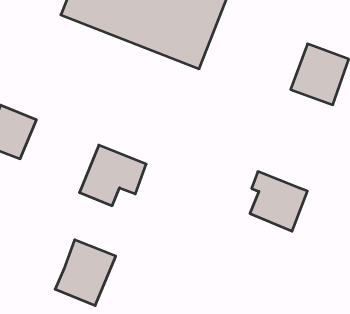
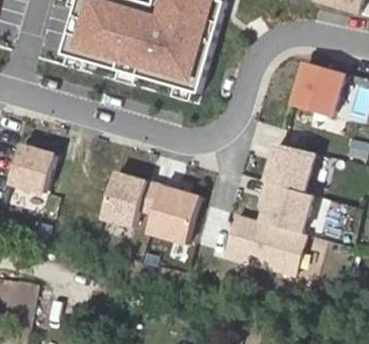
building: none -> [264,140,314,191]
building: none -> [219,211,301,271]
building: [55,240,116,306] -> [148,184,200,242]

